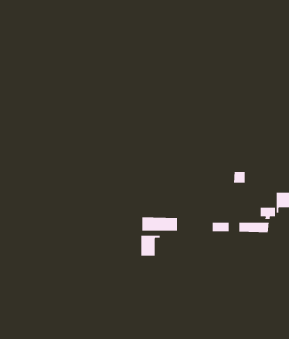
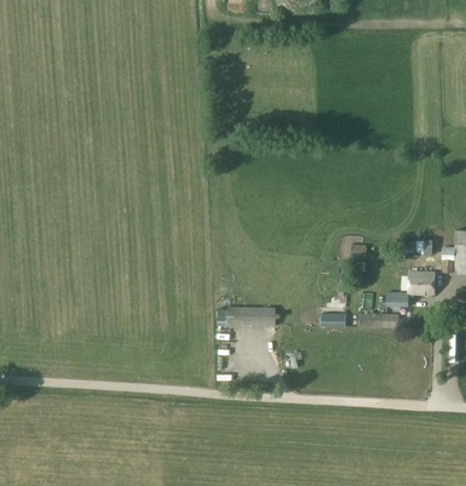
building: [141,235,160,256] -> none

